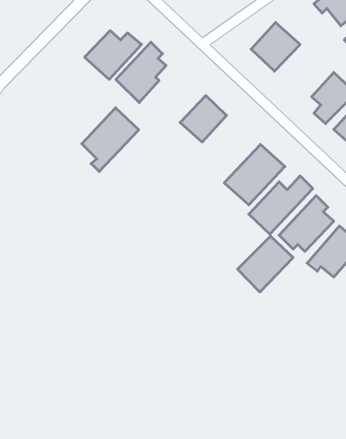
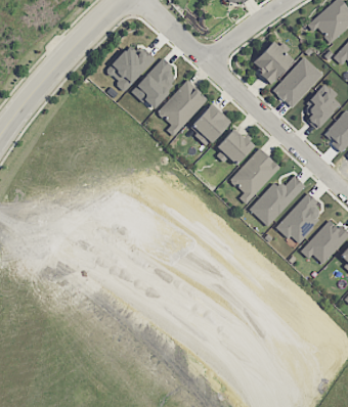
building: none -> [272,56,323,107]
building: [82,108,139,172] -> [158,80,208,136]
building: none -> [214,128,256,165]
building: [238,236,293,292] -> none

